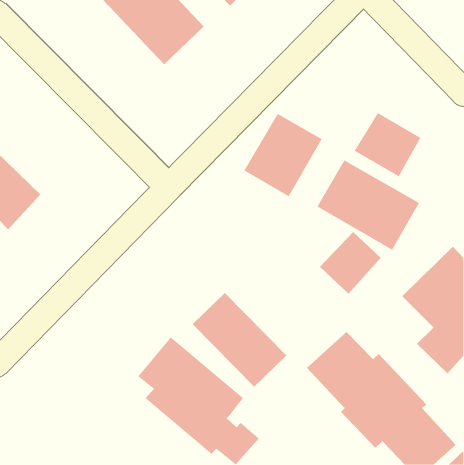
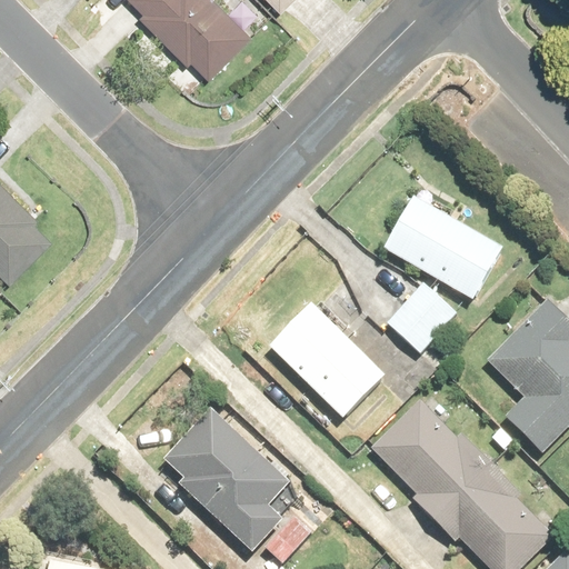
building: [354,112,421,177] -> none
building: [244,113,323,197] -> none
building: [192,292,287,388] -> [271,303,387,419]

